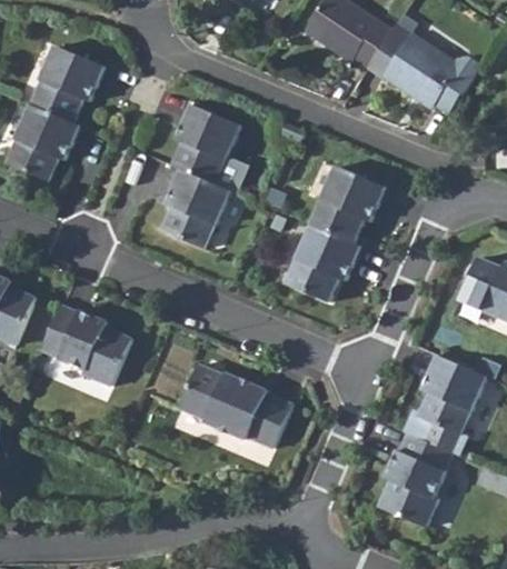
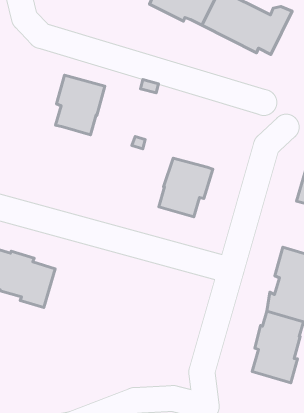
building: [311,166,384,242] -> none
building: [159,169,227,248] -> none
building: [180,365,291,448] -> none

